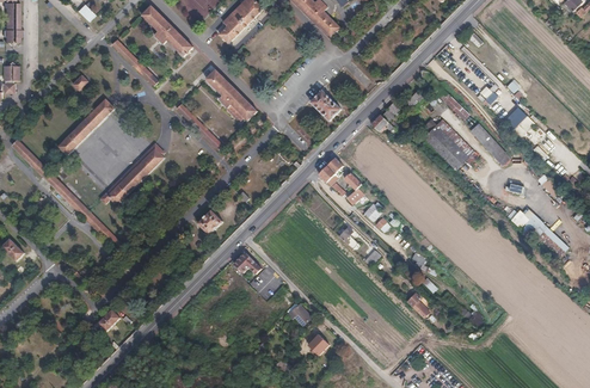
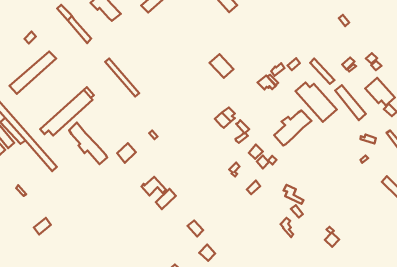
building: [205,69,257,122] -> none
building: none -> [274,111,312,145]
building: none -> [69,122,107,164]

